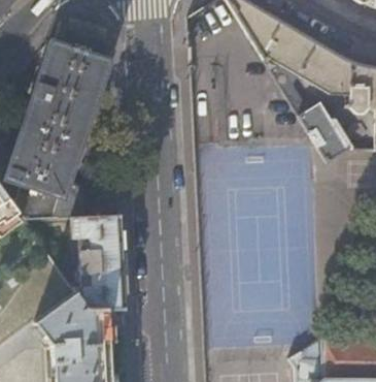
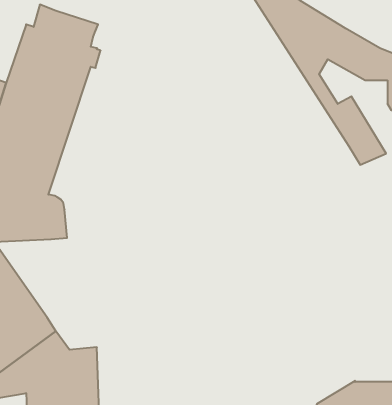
building: [68,216,125,312] -> none

